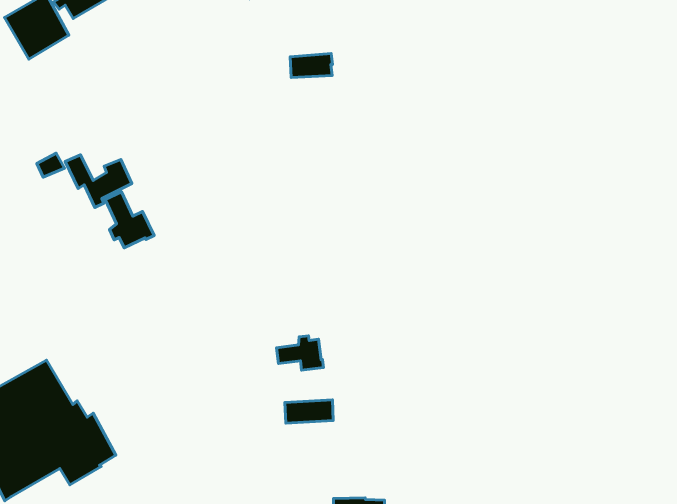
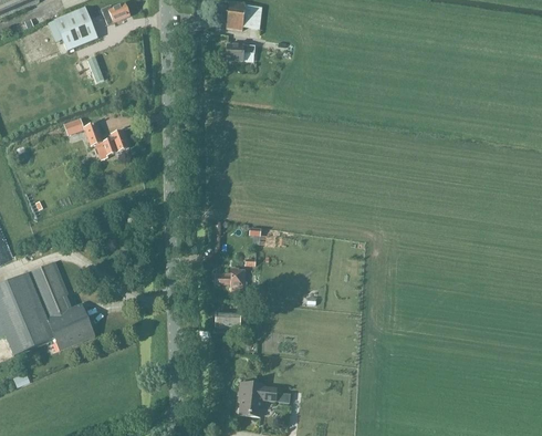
building: [290,53,332,77] -> [225,44,254,61]
building: [105,192,154,248] -> none

